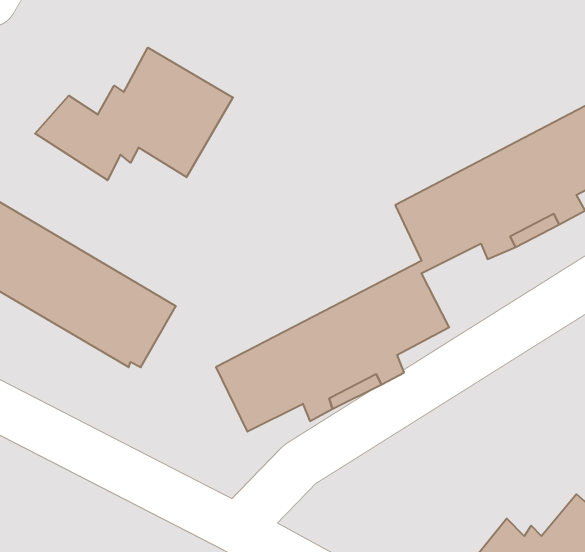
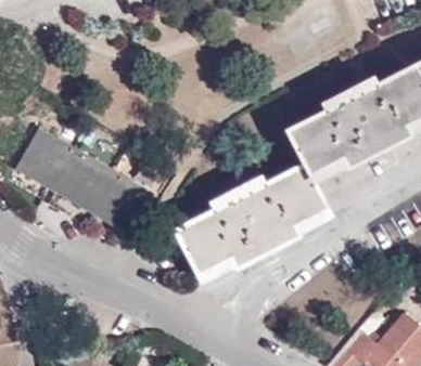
building: [35,48,233,180] -> none

